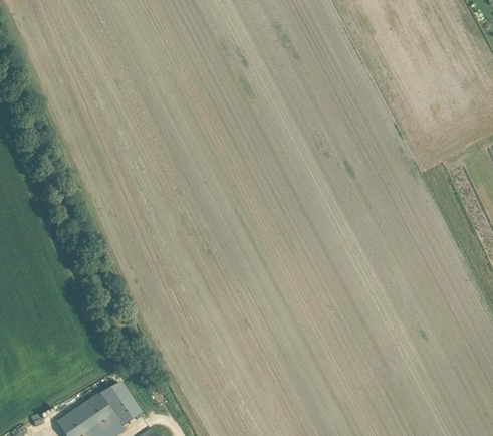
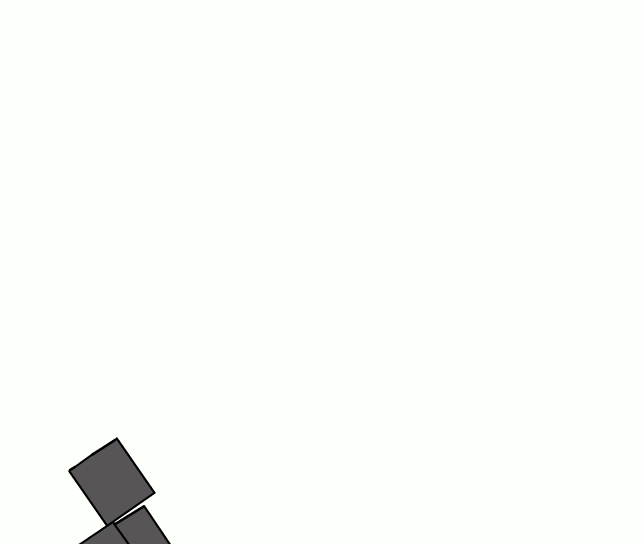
building: none -> [69,438,155,526]

